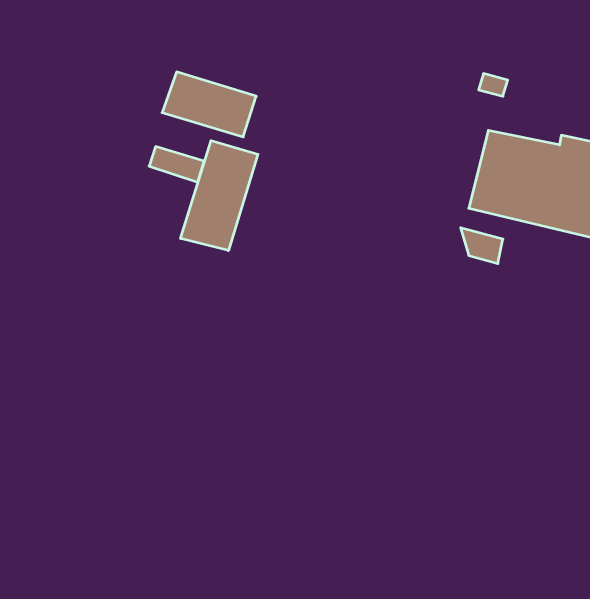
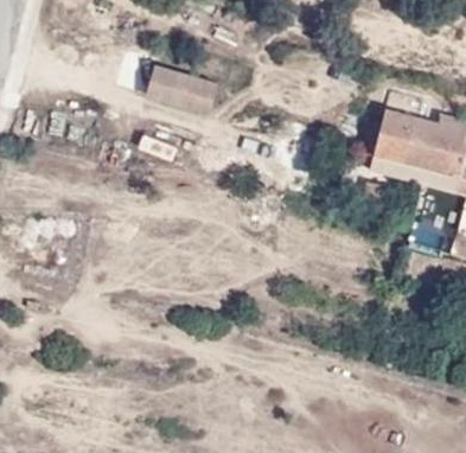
building: [181,141,258,251] -> none

